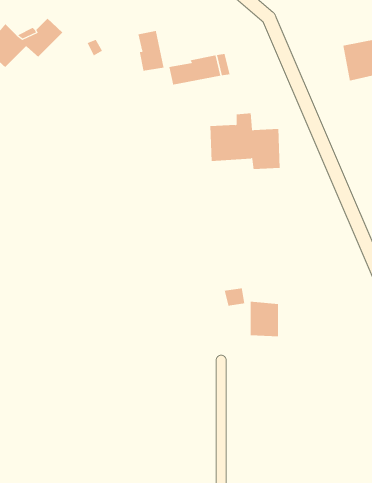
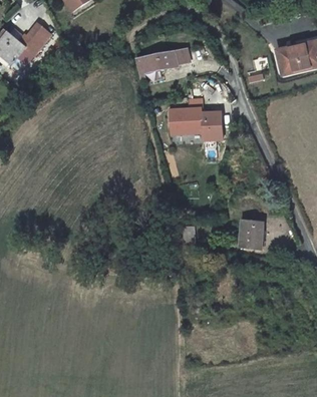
building: [138,30,164,72] -> none
building: [250,301,279,337] -> [239,225,261,252]

